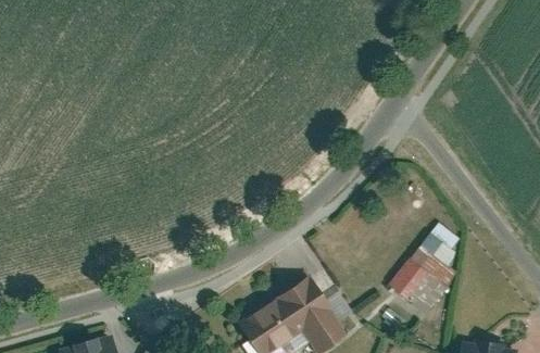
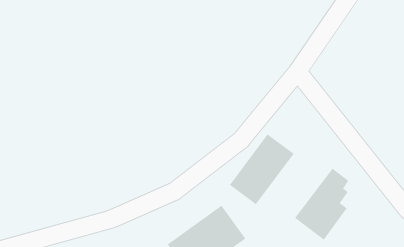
building: none -> [229,133,294,205]

